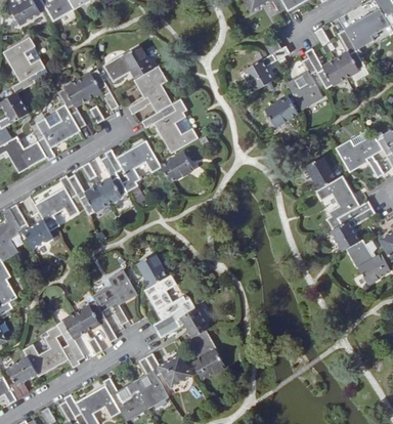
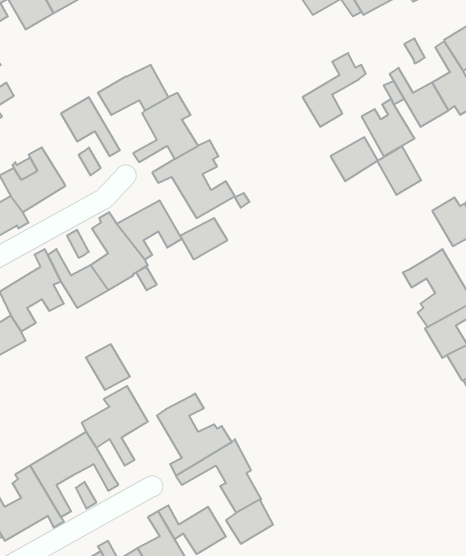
building: [58,80,89,128] -> none
building: [306,155,337,188] -> [377,146,421,195]
building: [137,254,168,286] -> [86,344,130,390]

